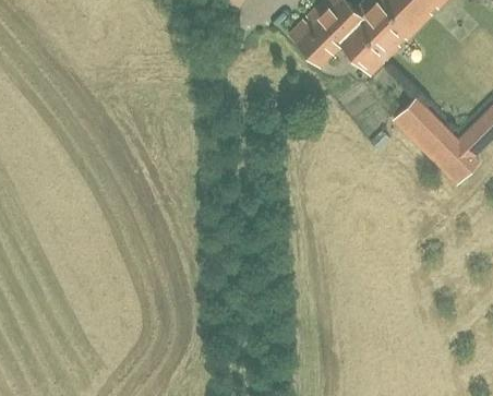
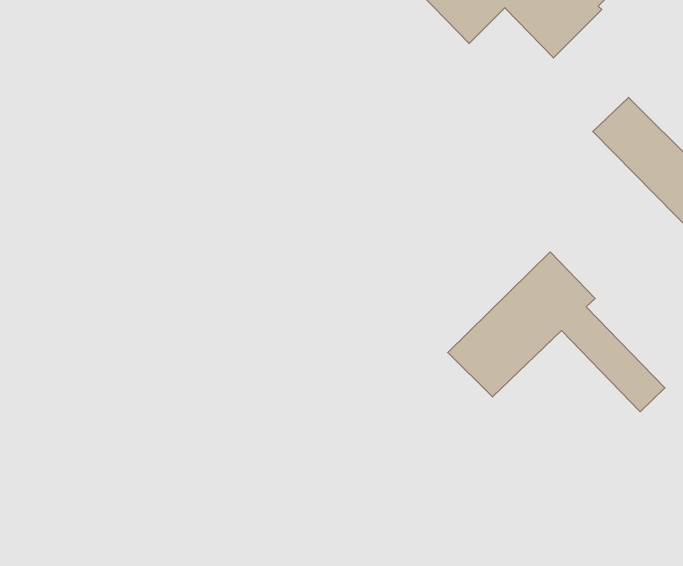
building: none -> [448,252,665,412]

